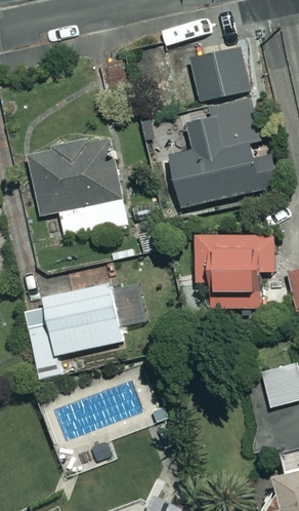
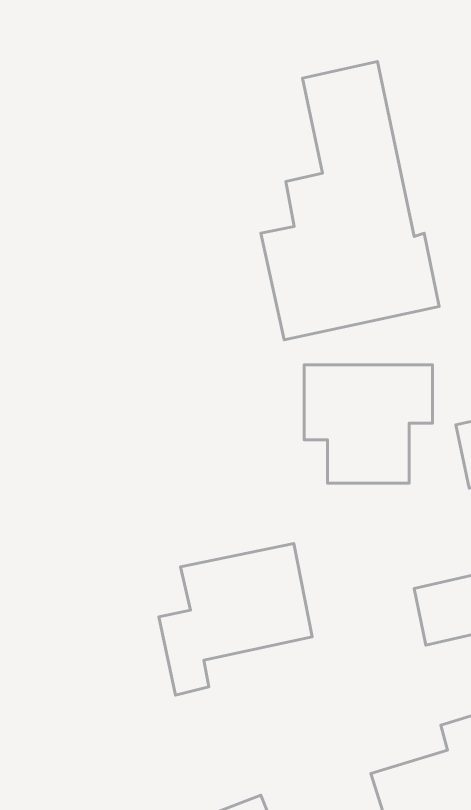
building: [28,140,128,239] -> none
building: [28,282,122,376] -> [159,543,312,695]

